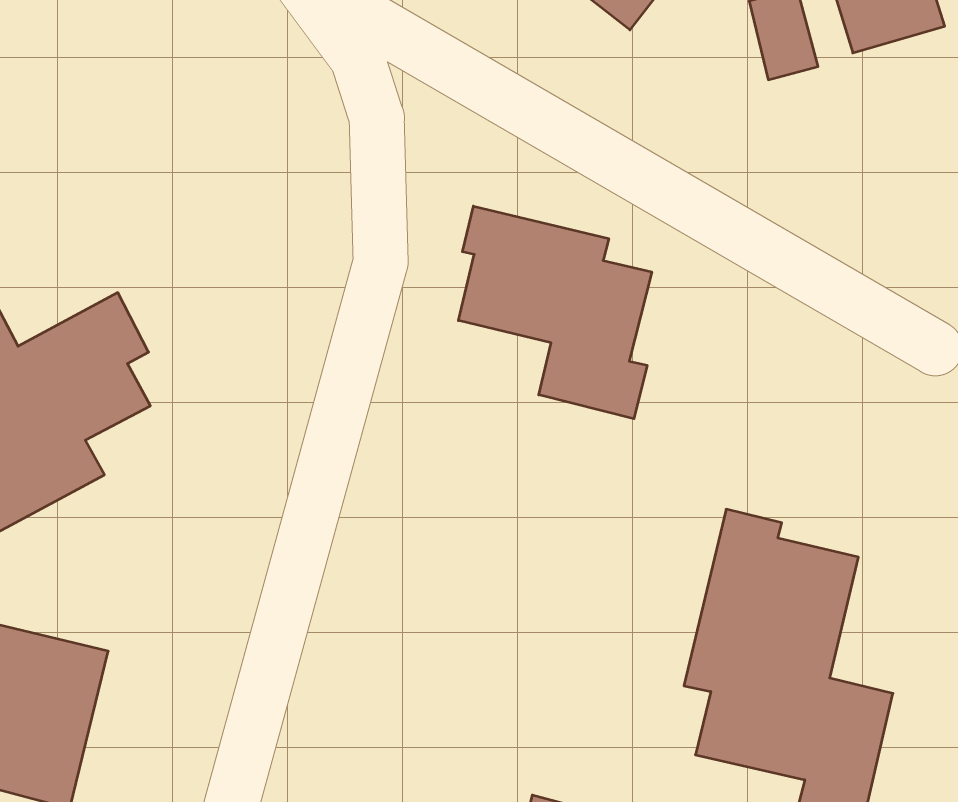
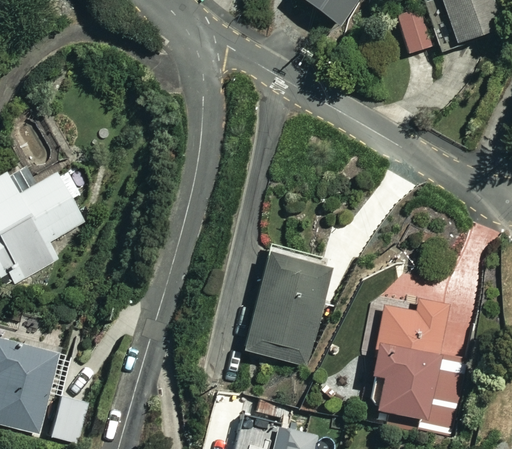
building: [458,206,652,419] -> none
building: none -> [241,246,332,366]

